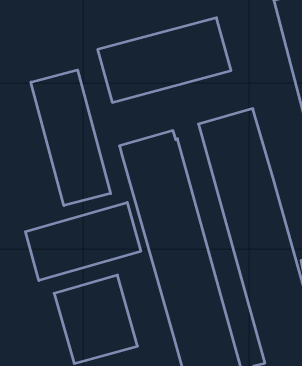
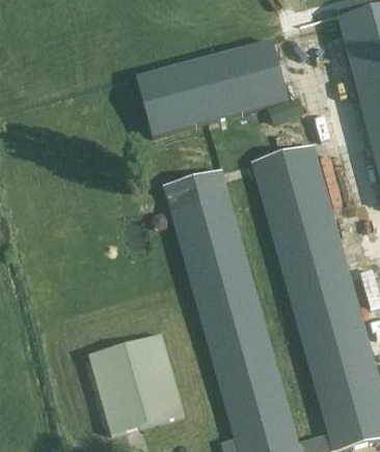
building: [31,70,111,206] -> none
building: [25,202,141,281] -> none

